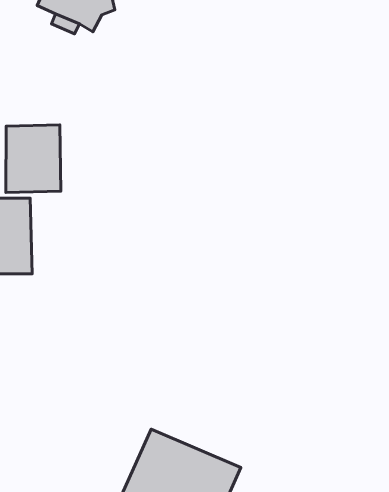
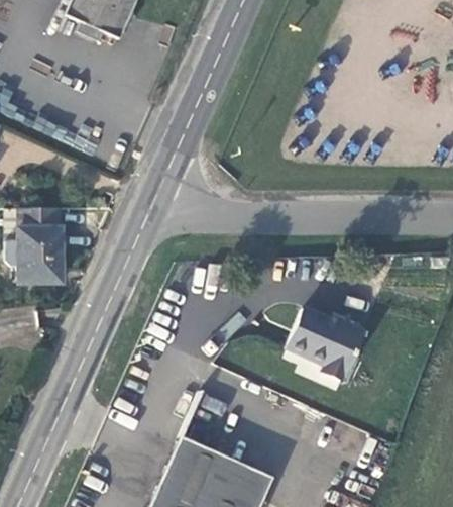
building: [6,125,61,193] -> none
building: none -> [290,310,364,381]

